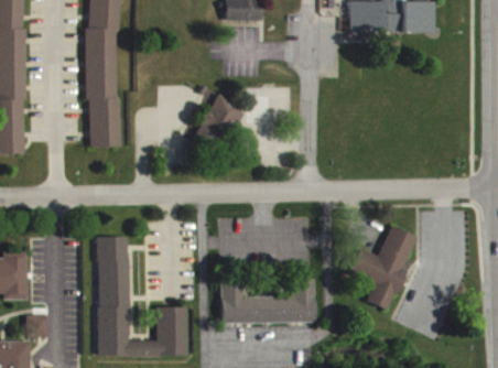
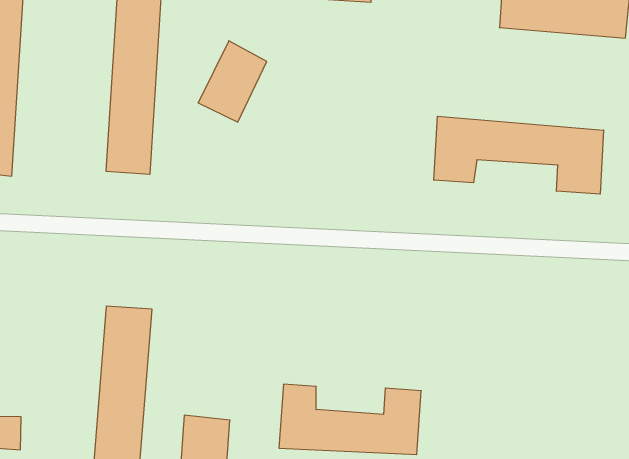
building: [197,94,241,148] -> [198,41,267,122]
building: none -> [434,116,604,194]
building: [345,226,415,311] -> none

